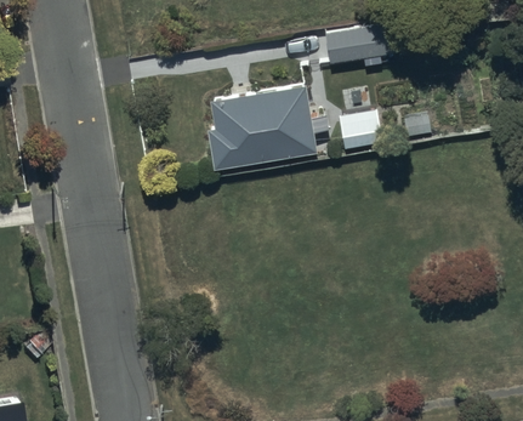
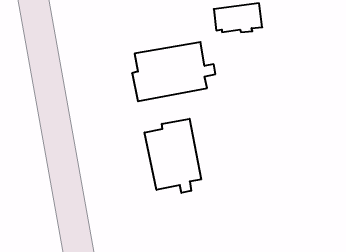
building: none -> [145,119,201,193]

